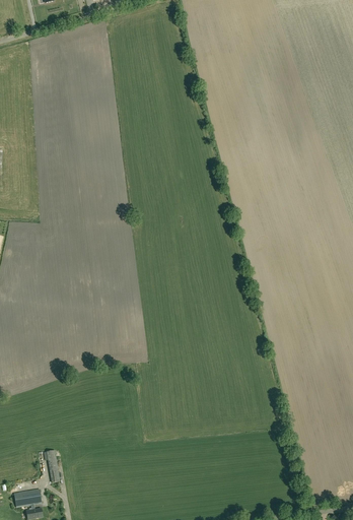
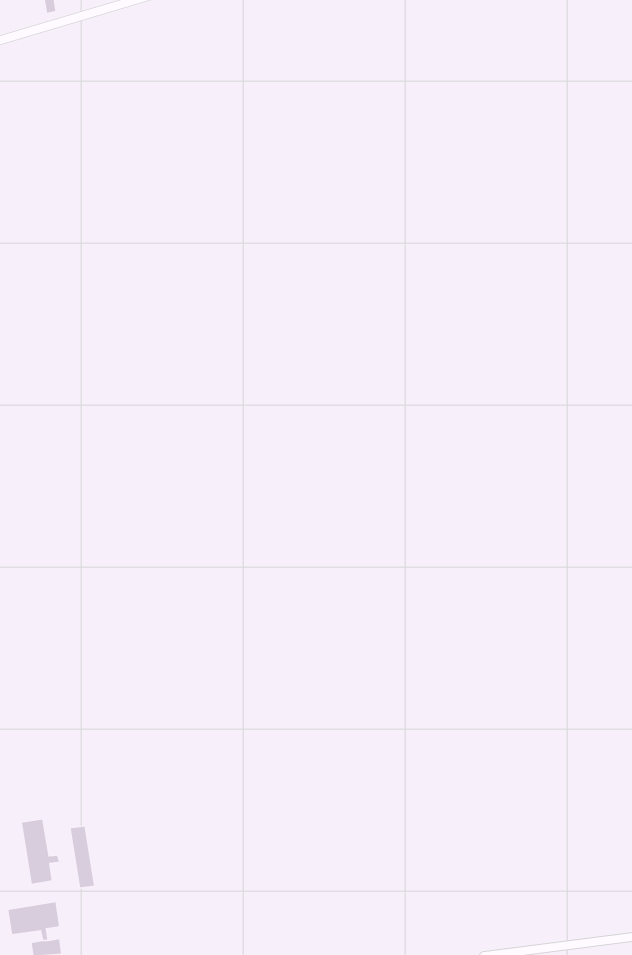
building: none -> [21,819,60,884]

